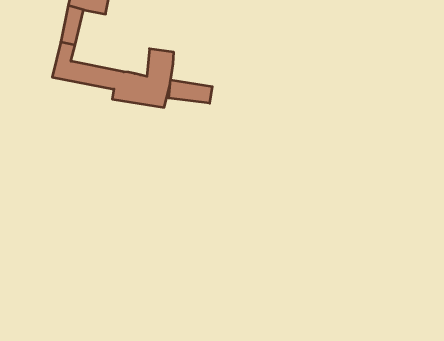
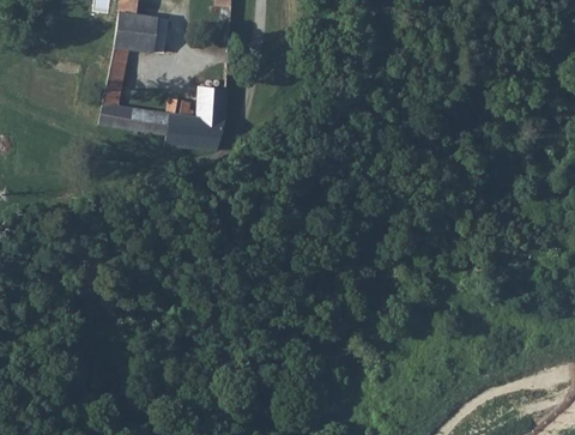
building: [169,80,212,103] -> none

